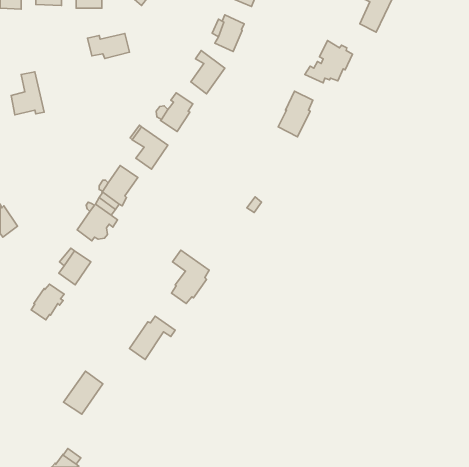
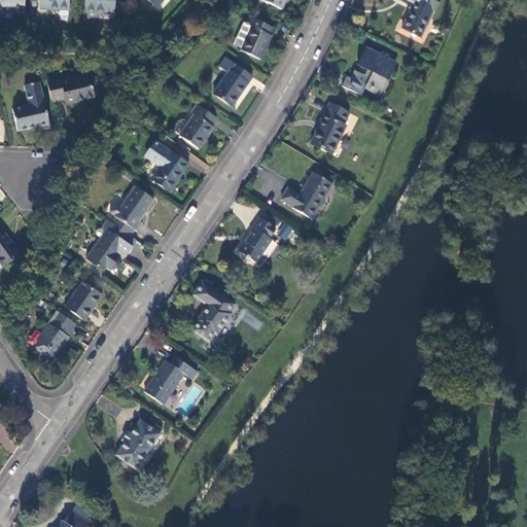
building: [87,34,130,58] -> [47,75,95,103]
building: none -> [281,172,332,218]
building: none -> [239,215,275,261]
building: [64,371,103,414] -> [115,418,160,466]

